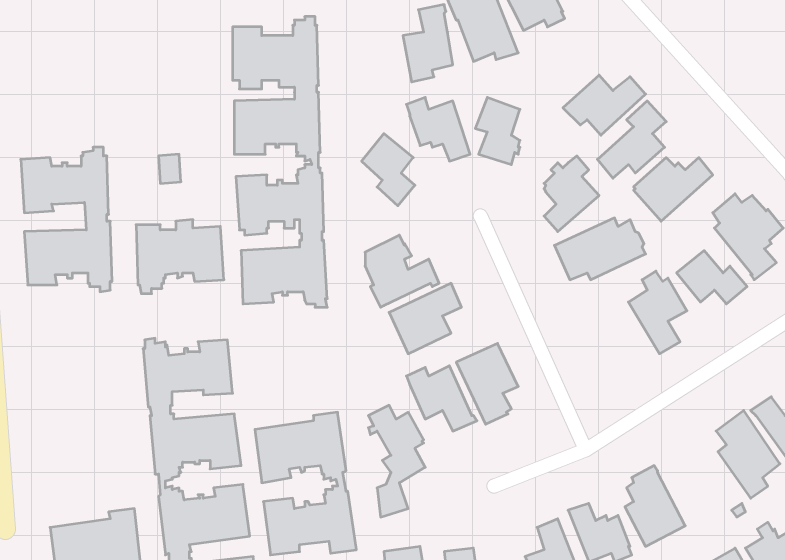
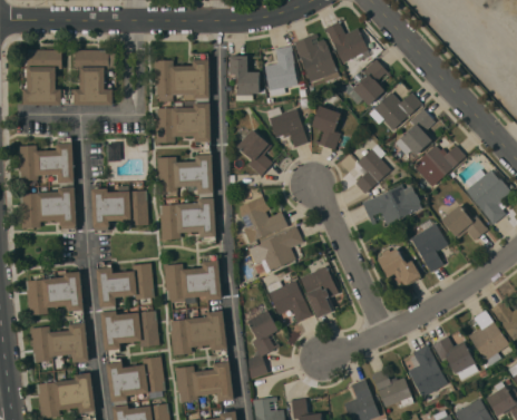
building: none -> [22,49,113,105]
building: none -> [230,56,260,100]
building: none -> [345,59,389,106]
building: none -> [377,247,421,286]
building: none -> [163,254,222,303]
building: none -> [25,271,88,362]
building: none -> [431,335,477,380]

